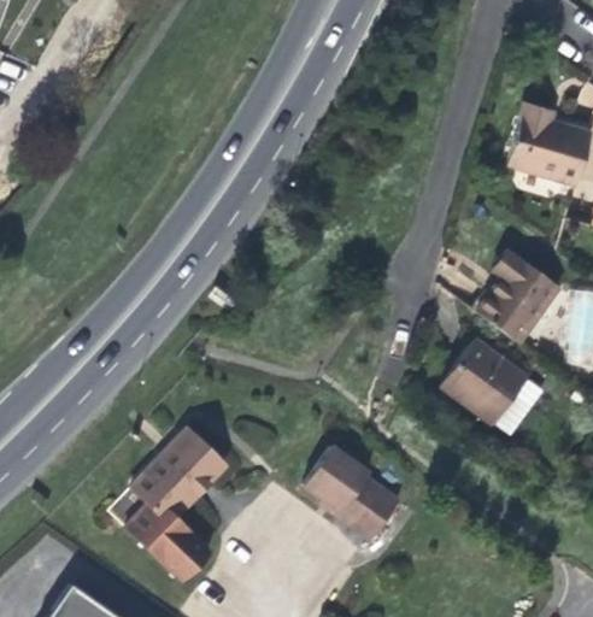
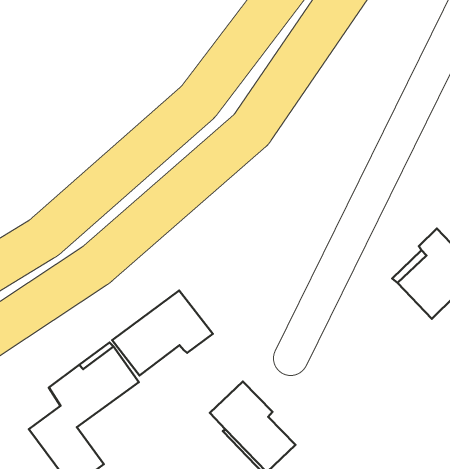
building: [441,342,526,423] -> none
building: none -> [112,290,213,376]

